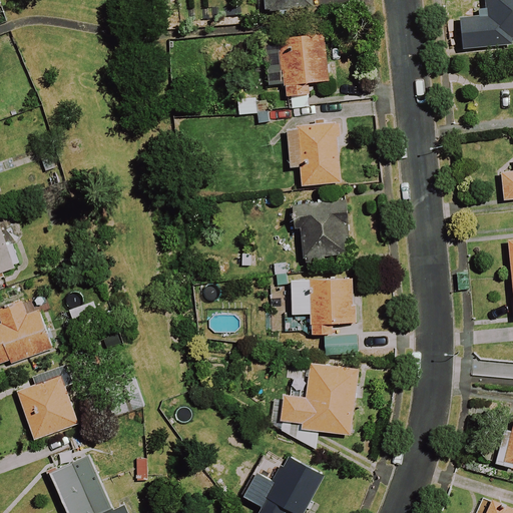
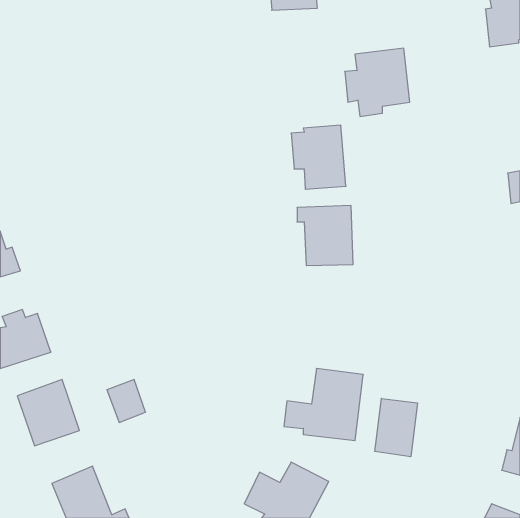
building: [266,30,330,97] -> [345,48,410,116]
building: [289,279,355,346] -> none
building: none -> [375,398,417,457]

